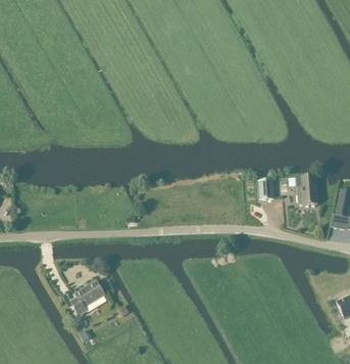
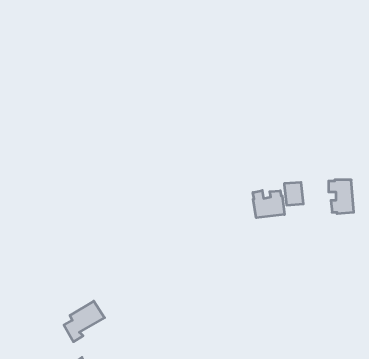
building: none -> [253,190,284,218]

